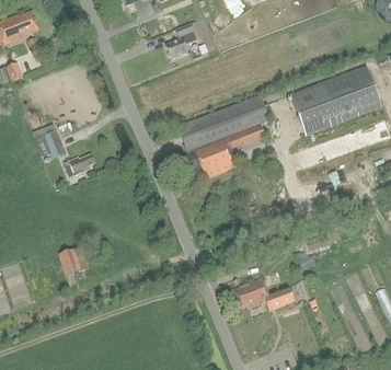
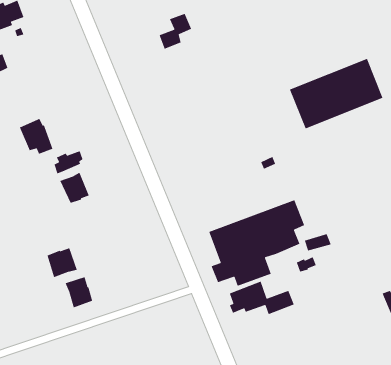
building: [177,95,269,178] -> [208,199,305,287]
building: none -> [59,172,90,204]
building: none -> [65,276,93,309]

